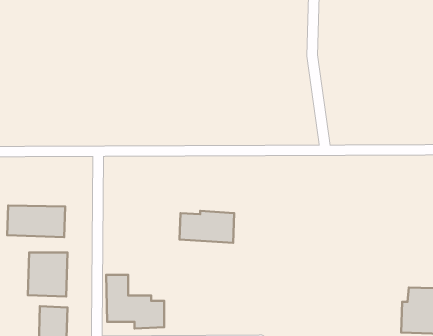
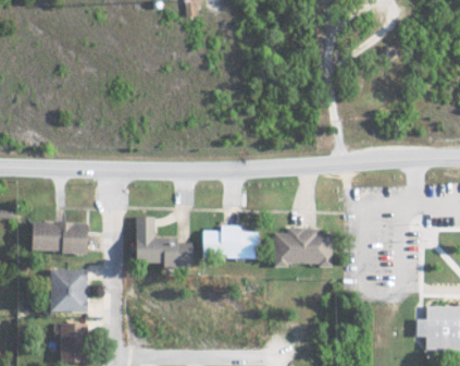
building: none -> [273,229,333,266]
building: [106,275,164,328] -> [133,217,190,270]

